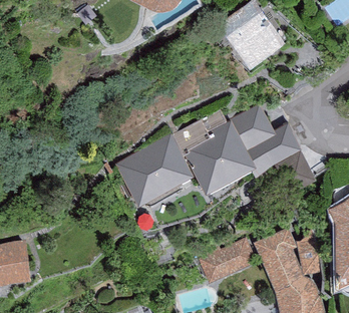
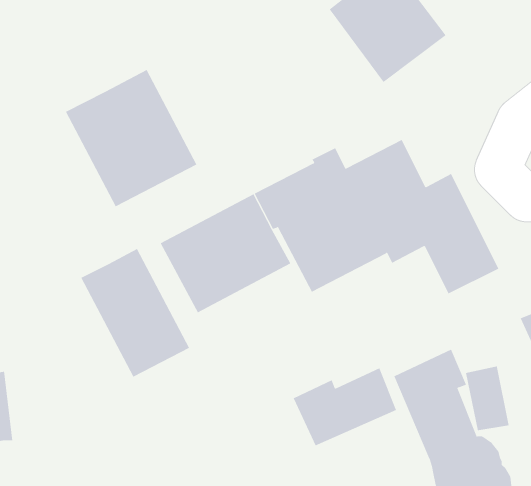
building: none -> [65,69,197,207]
building: none -> [80,248,190,377]

